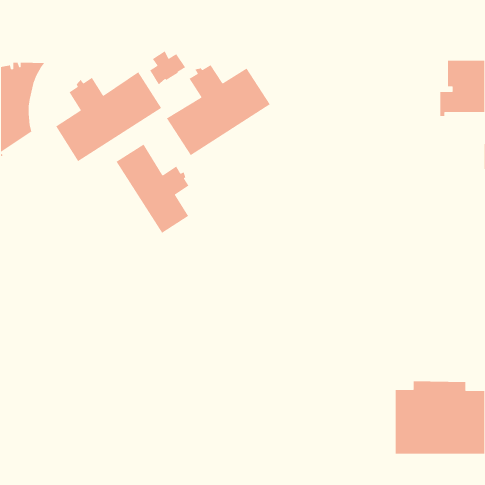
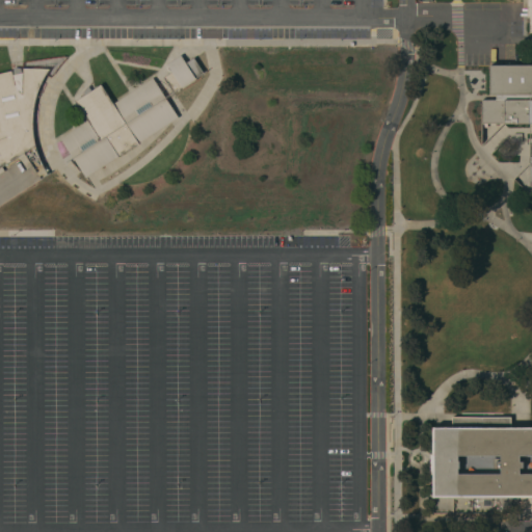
building: [166,64,271,156] -> none
building: [115,143,189,234] -> none

